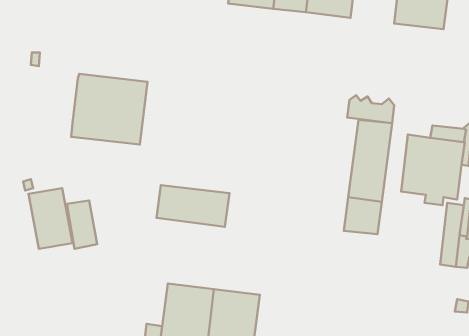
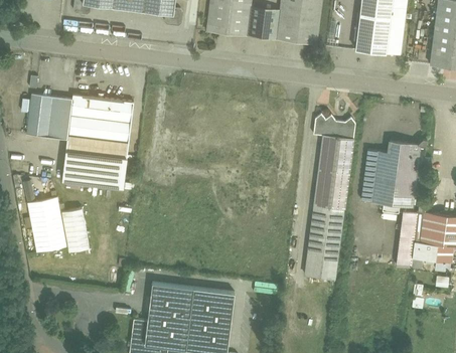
building: none -> [26,94,71,139]
building: [156,185,229,227] -> [61,151,127,188]
building: none -> [305,235,340,280]

